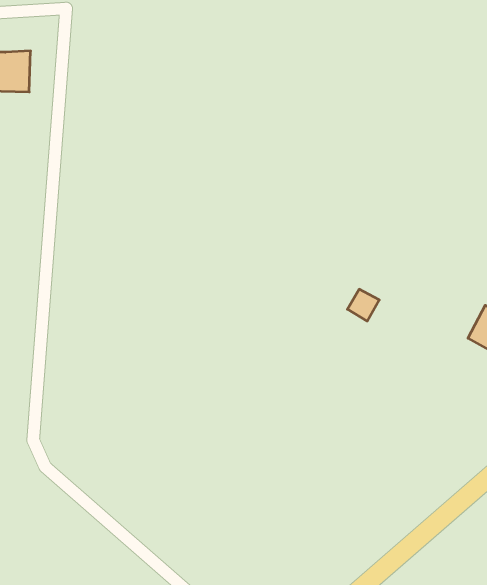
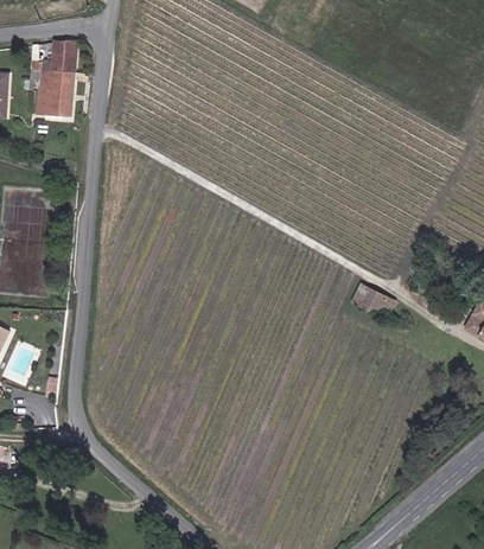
building: none -> [47,38,71,70]

